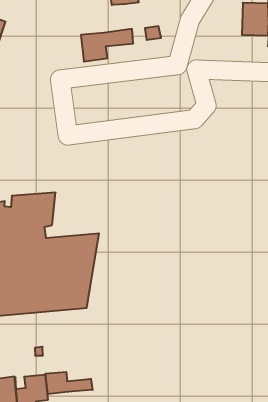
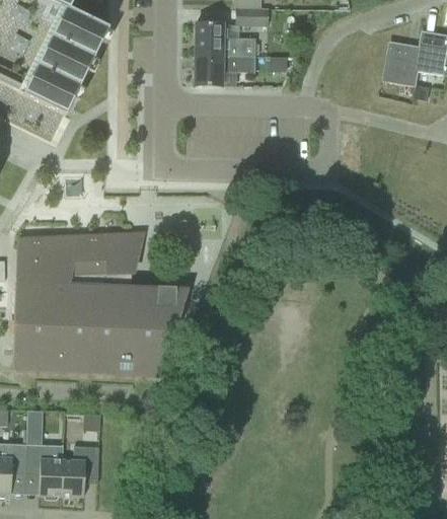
building: none -> [195,22,255,55]
building: [45,372,93,394] -> none

